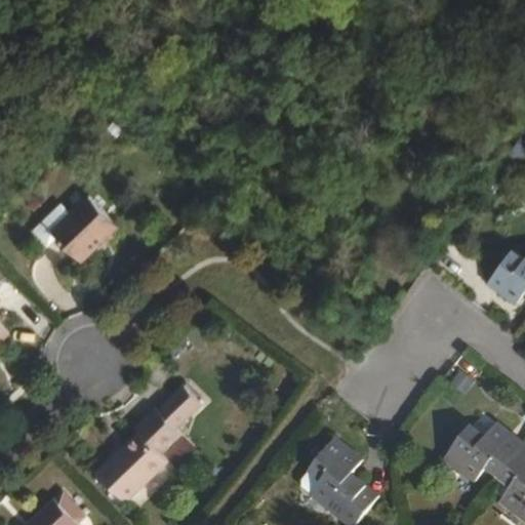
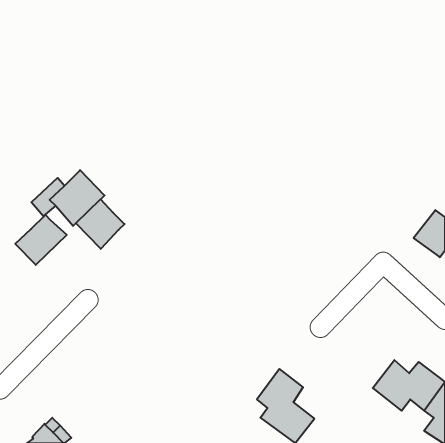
building: none -> [76,199,125,249]
building: none -> [15,215,67,265]
building: [98,382,208,501] -> none

